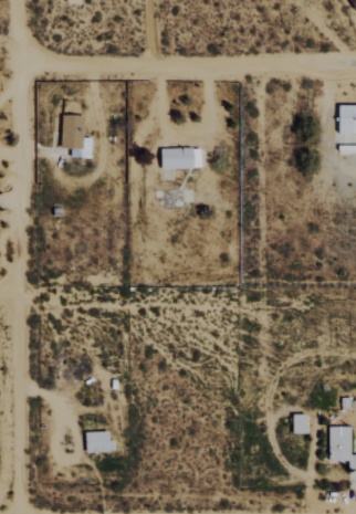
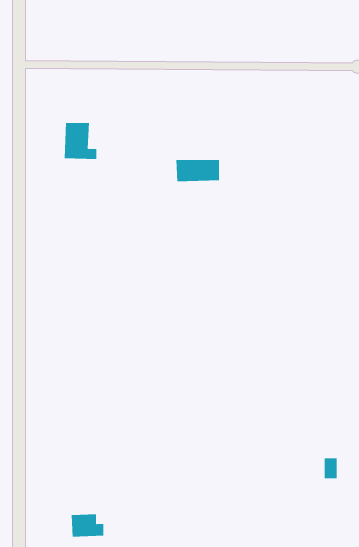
building: [86,431,116,452] -> [71,514,104,537]

